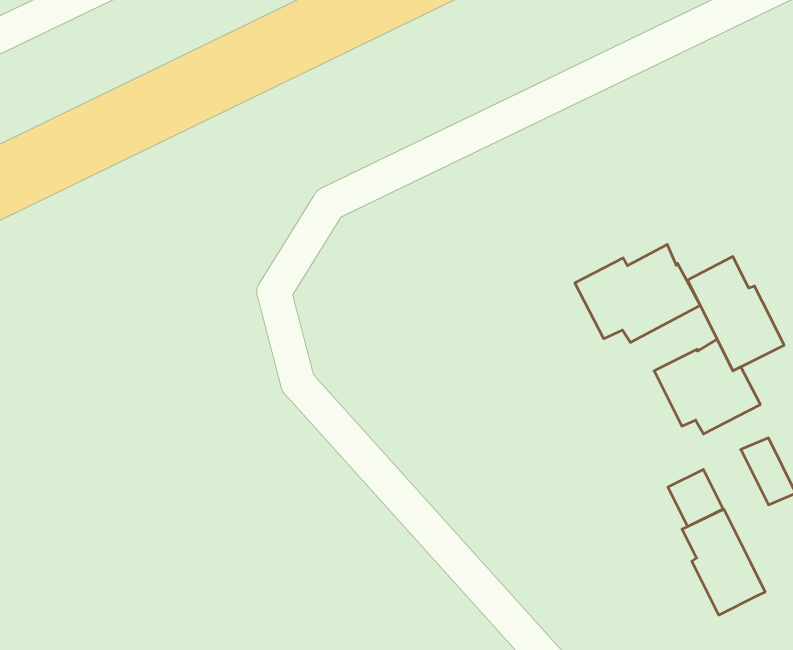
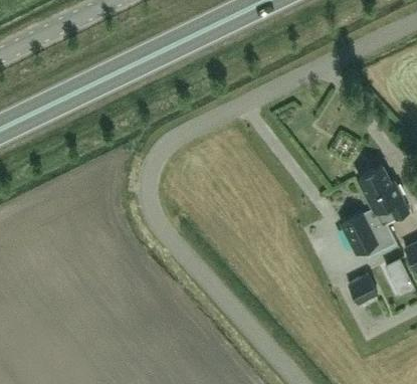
building: [575,244,700,342] -> none
building: [682,509,765,615] -> none

